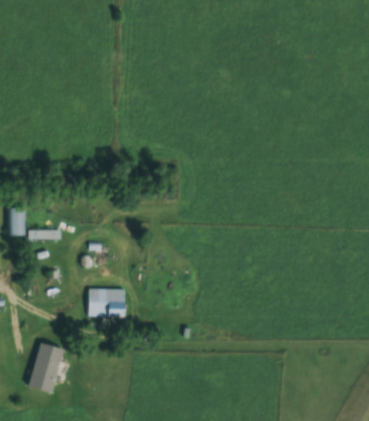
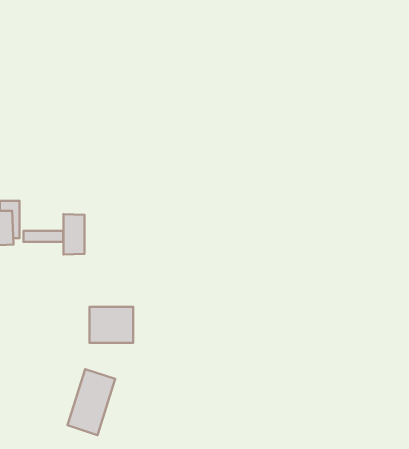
building: none -> [64,214,84,255]
building: [25,341,64,396] -> [68,369,115,435]

